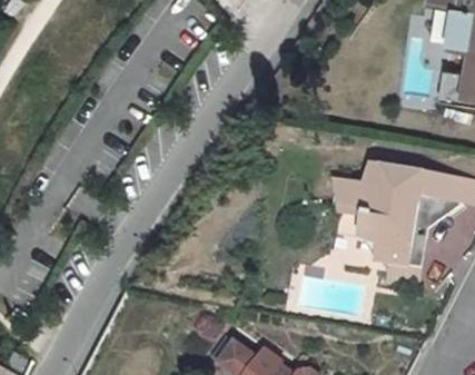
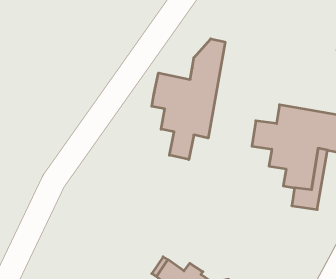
building: none -> [152,39,225,160]

